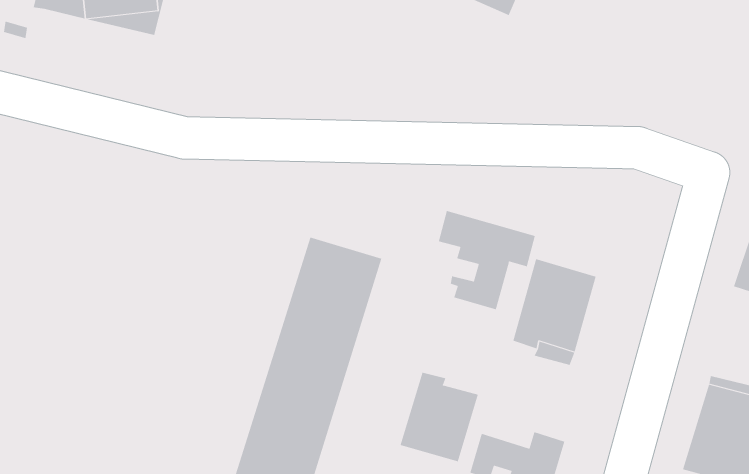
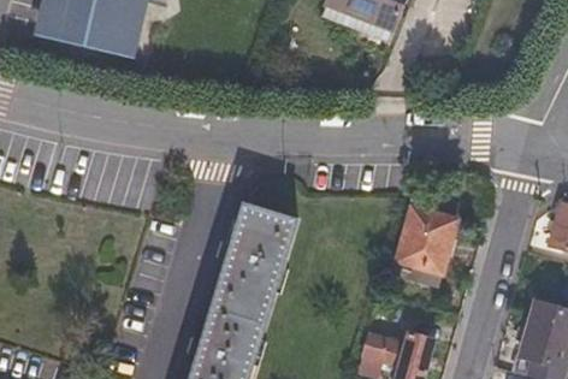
building: [438,210,536,310] -> none
building: [400,372,478,462] -> none

